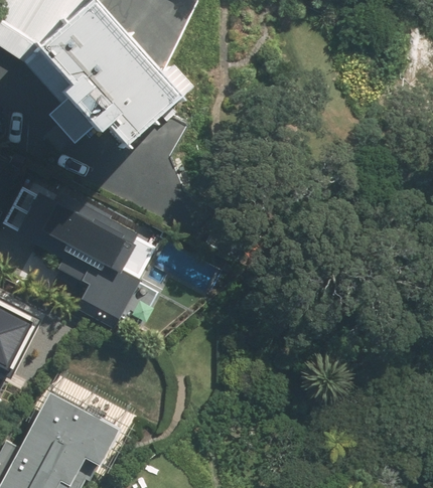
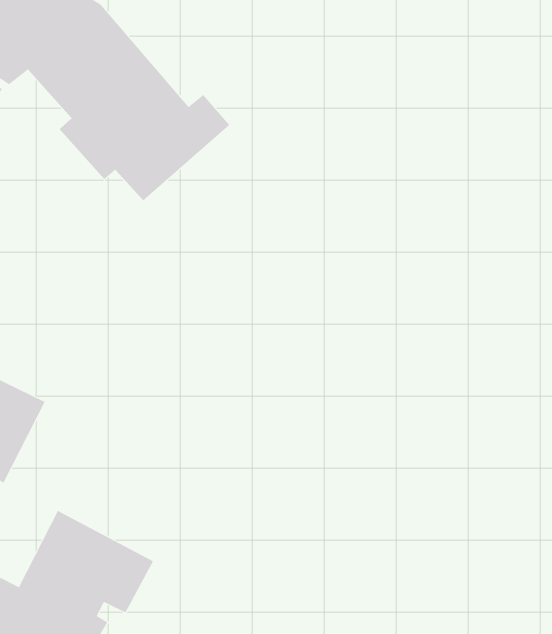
building: [16,189,159,326] -> none

